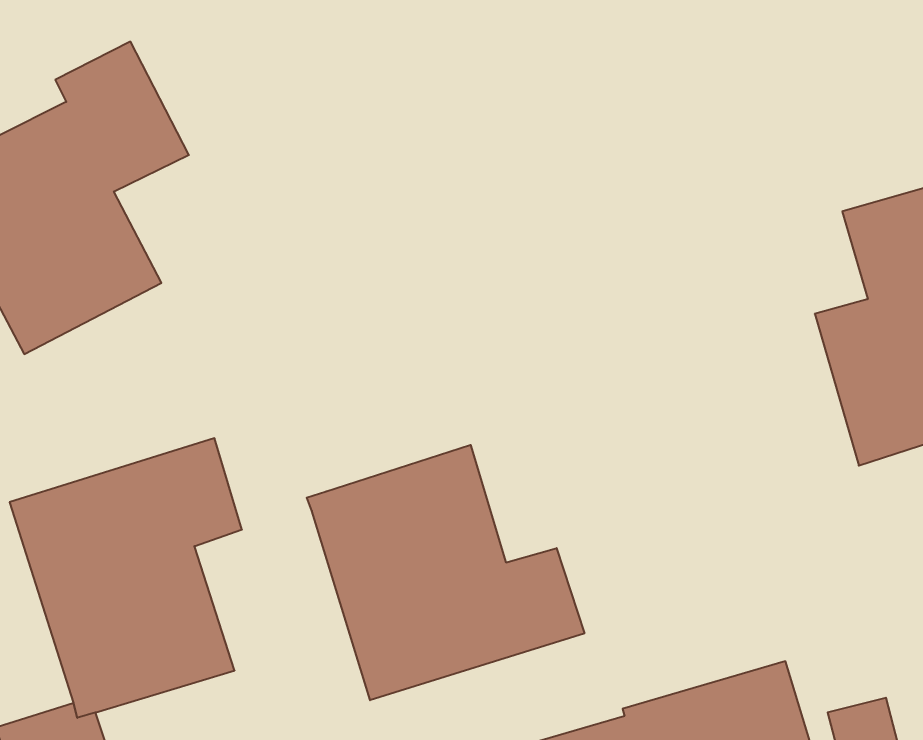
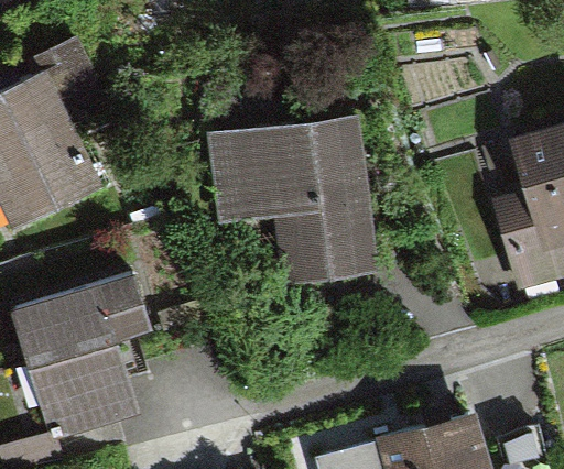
building: none -> [209,117,379,284]
building: [307,445,584,700] -> none

